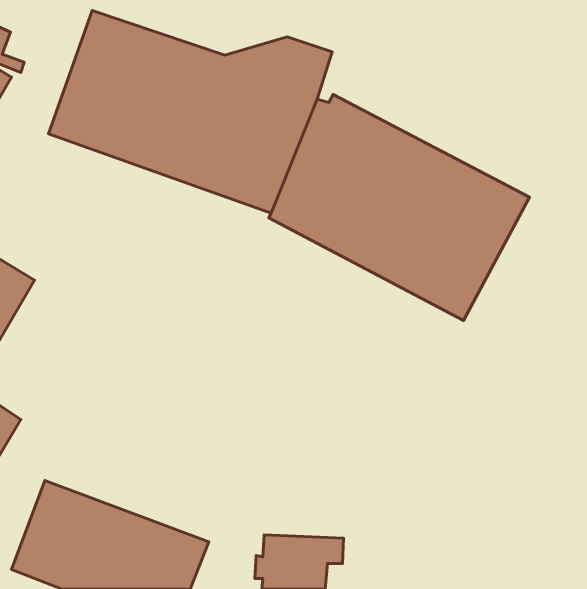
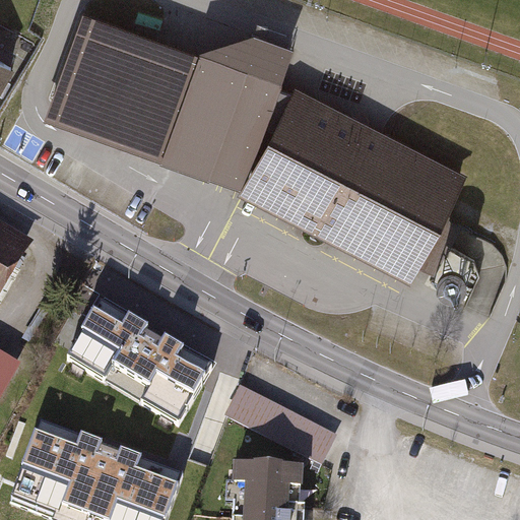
building: none -> [68,310,208,428]
building: none -> [224,391,333,467]

